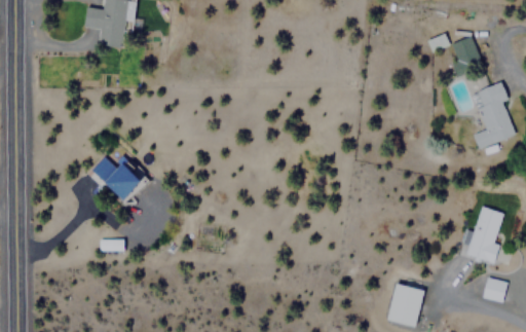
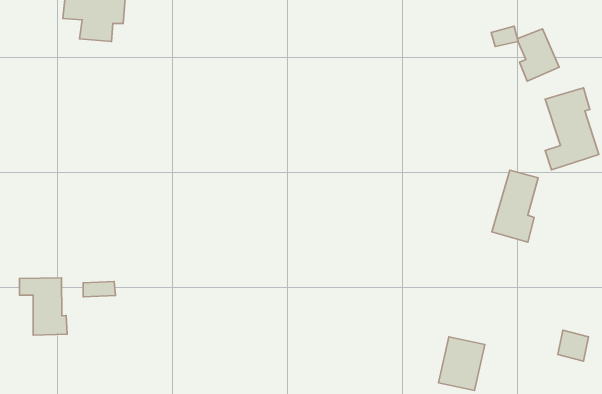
building: [91,156,145,202] -> none
building: [465,207,502,264] -> [492,170,538,242]
building: none -> [19,278,67,335]

